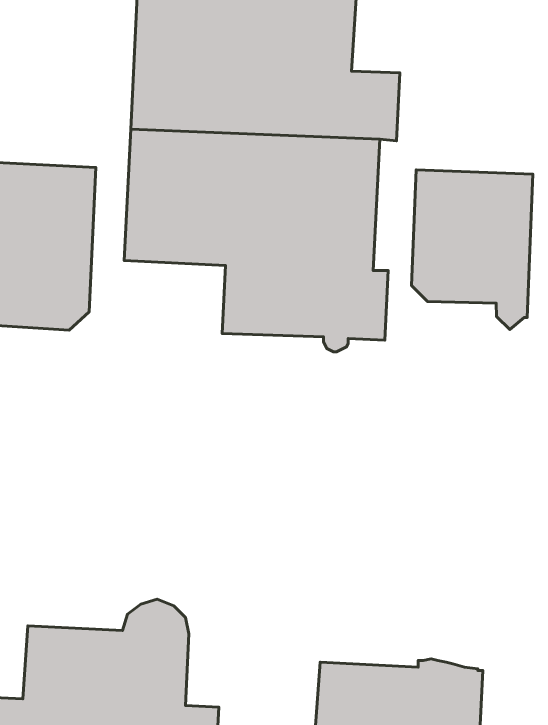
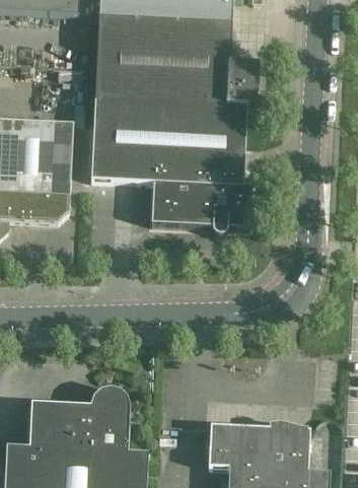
building: [412,170,533,330] -> none

